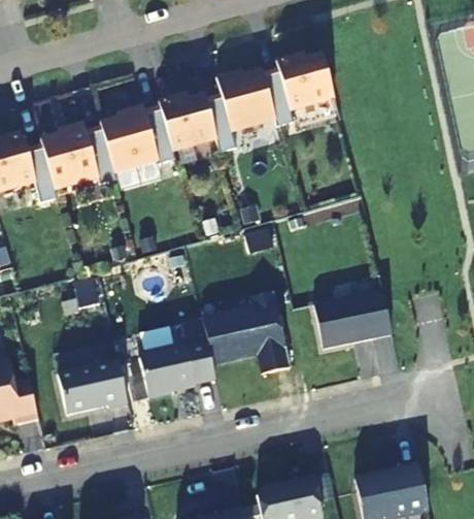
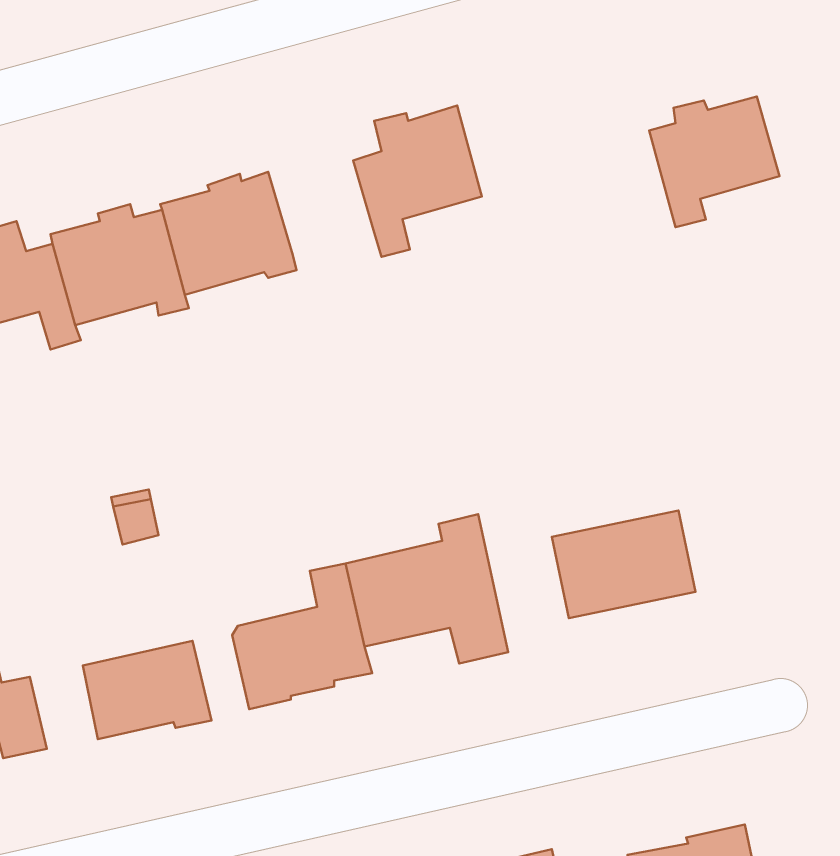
building: [264,55,335,126] -> [649,97,780,227]
building: [159,95,217,151] -> none

